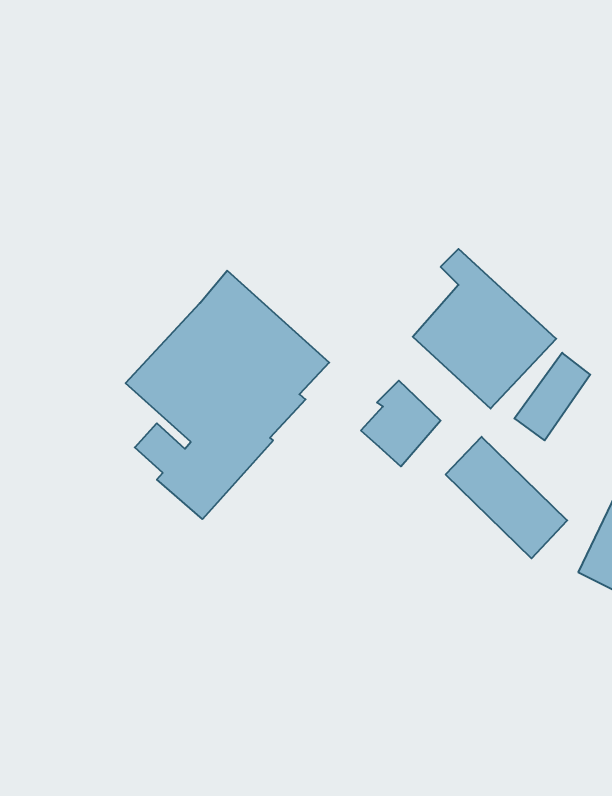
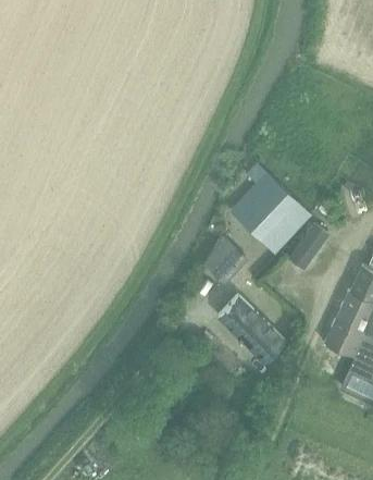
building: [126,271,329,519] -> none
building: [446,437,567,558] -> [217,296,284,362]

